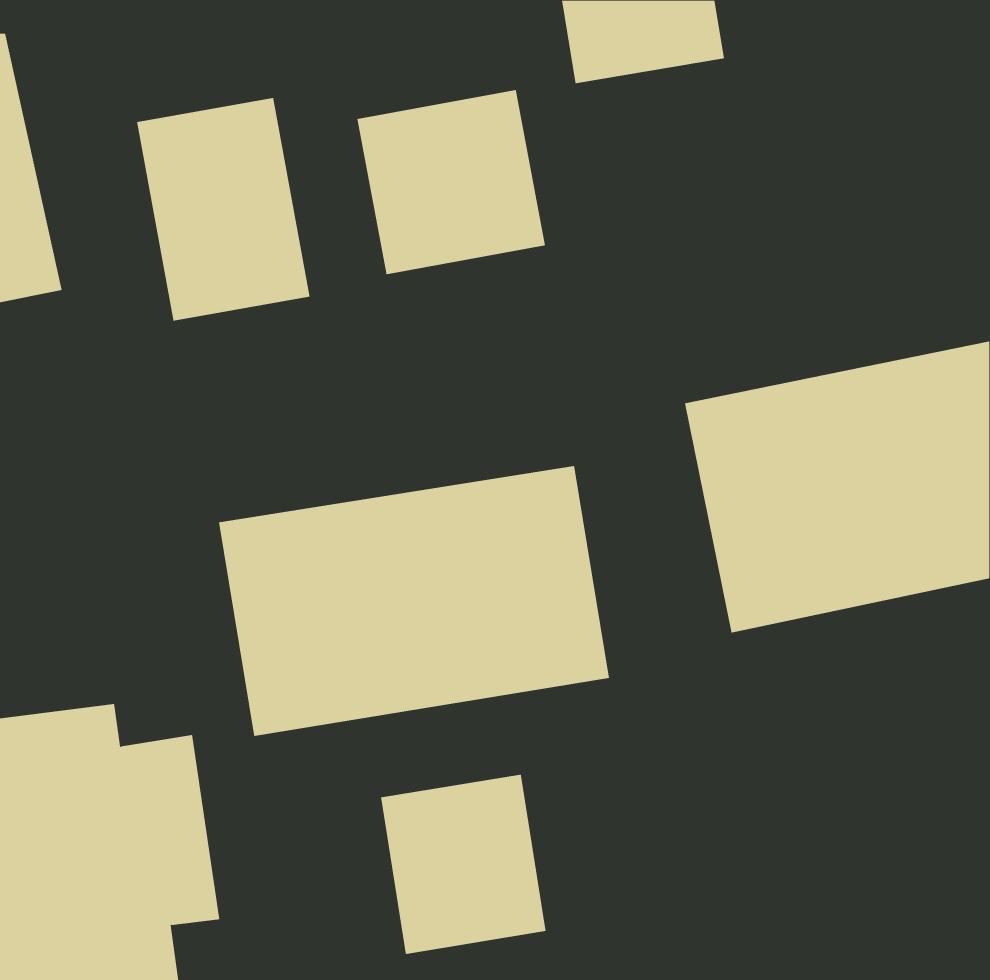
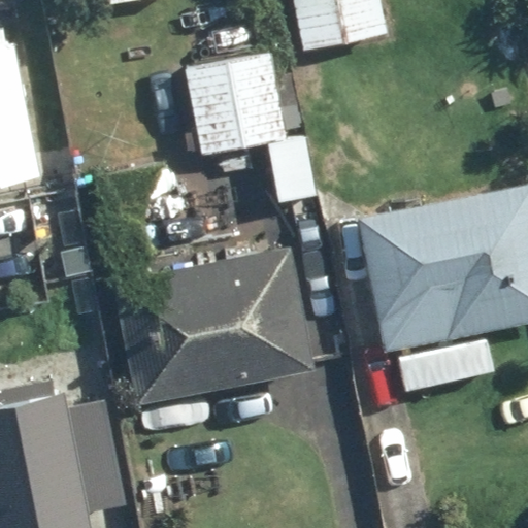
building: [136,97,310,321] -> none
building: [380,774,546,955] -> none

